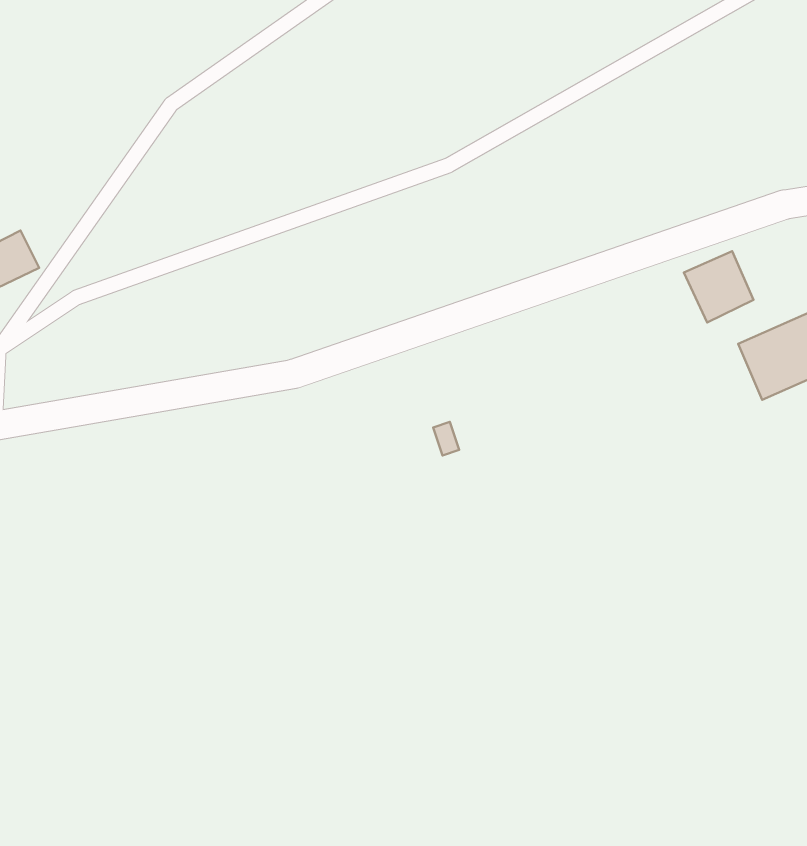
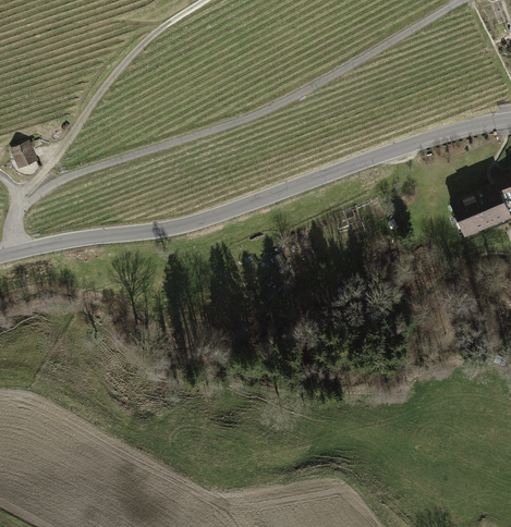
building: [684,251,754,322] -> none

